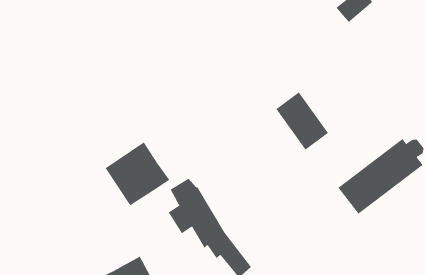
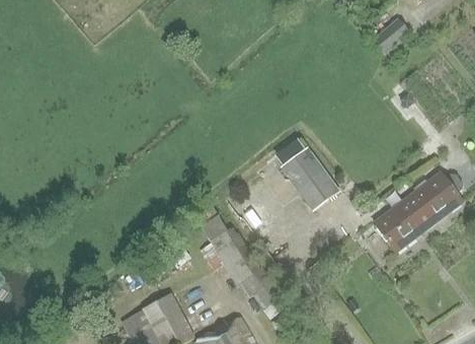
building: [275,91,329,151] -> [283,149,337,210]
building: [105,141,170,206] -> none

